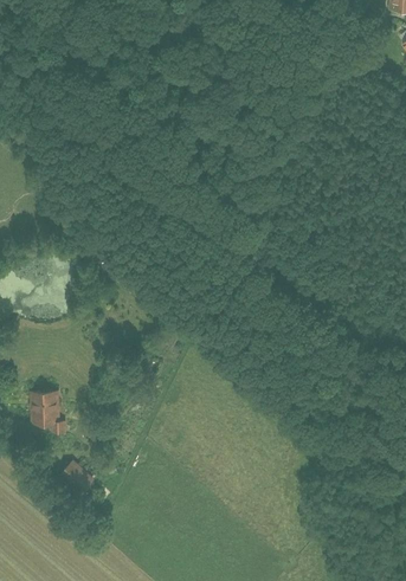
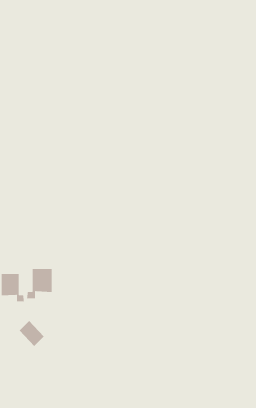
building: none -> [26,268,53,299]

